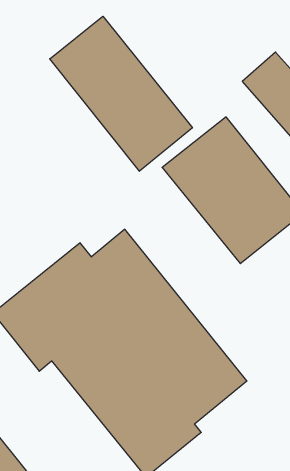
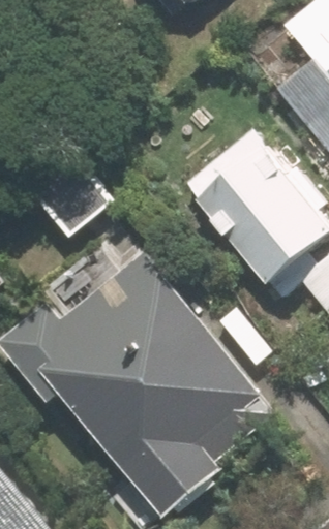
building: [50,16,192,171] -> none

